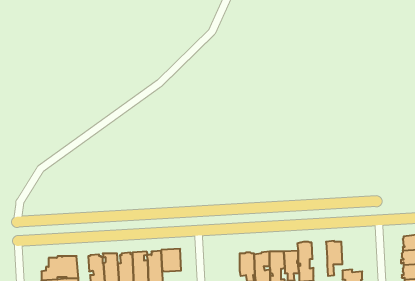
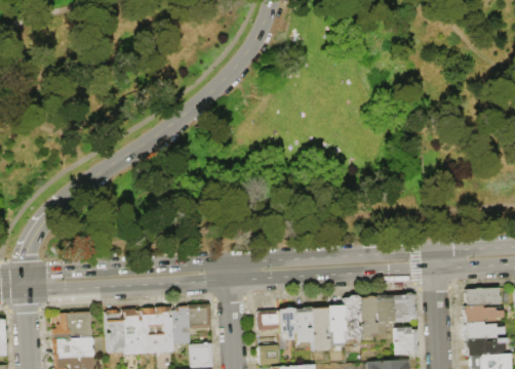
building: none -> [394,295,417,324]
building: none -> [360,296,379,335]
building: none -> [258,311,278,330]

